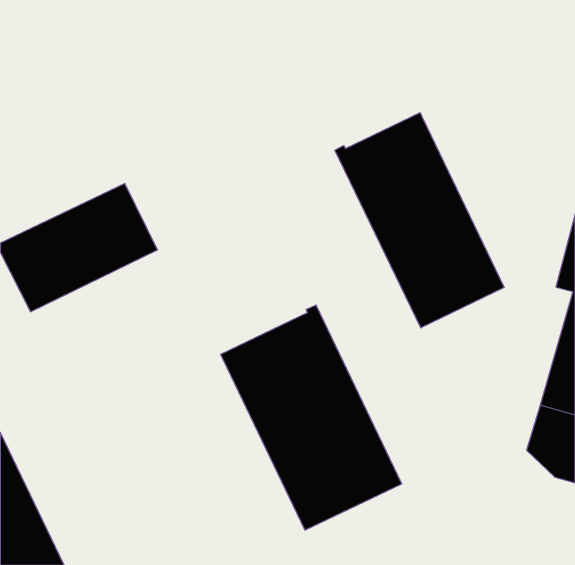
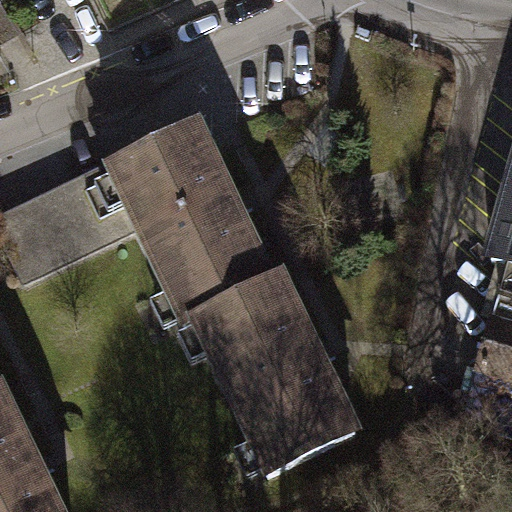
building: [335,113,504,328] -> none
building: none -> [111,122,273,323]

